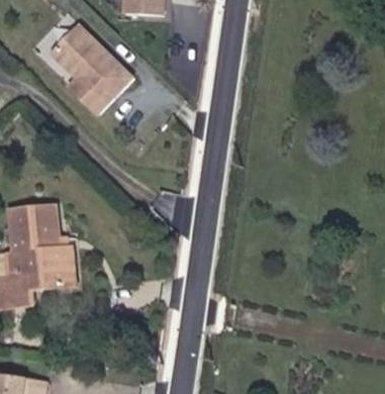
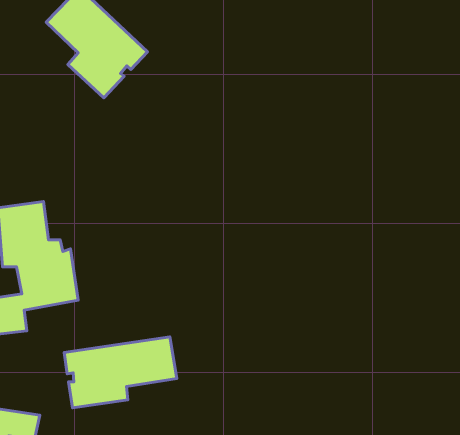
building: none -> [64,337,177,408]

